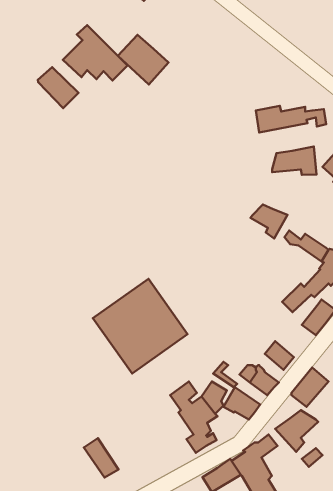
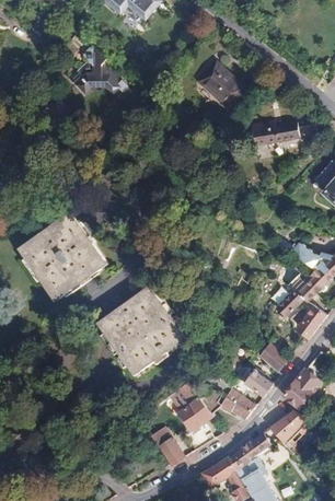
building: [118,35,169,85] -> [197,61,245,108]
building: [38,67,78,108] -> none
building: [272,146,317,175] -> none
building: none -> [18,211,107,301]
building: [251,205,287,238] -> none
building: [84,438,118,477] -> [151,428,184,465]

